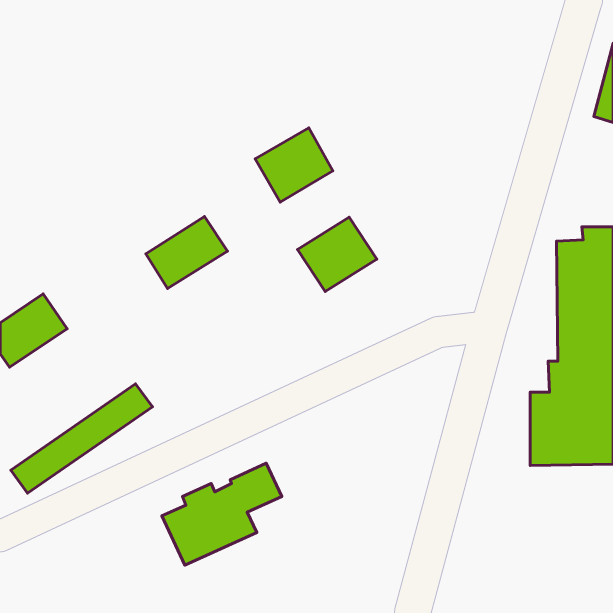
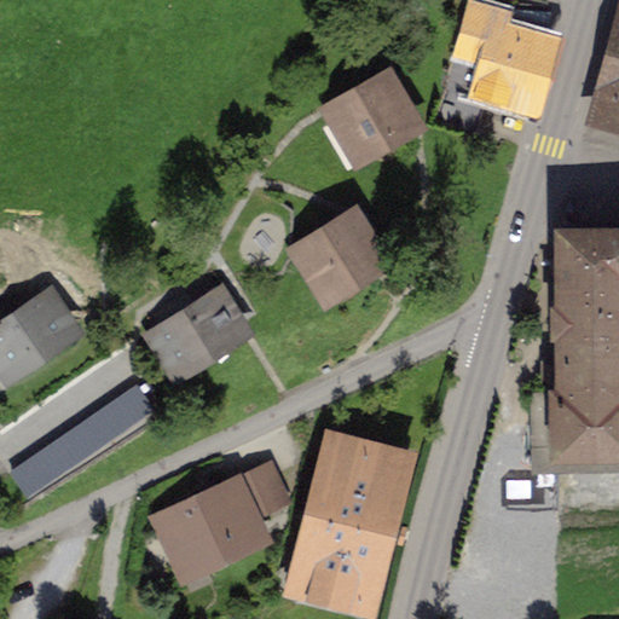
building: none -> [461,7,550,104]
building: [255,128,333,202] -> [332,80,411,155]
building: [146,217,227,289] -> [156,296,238,369]
building: none -> [301,444,398,602]

